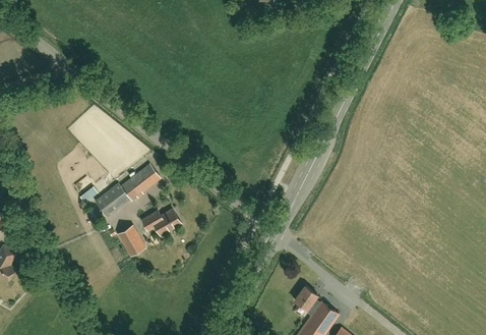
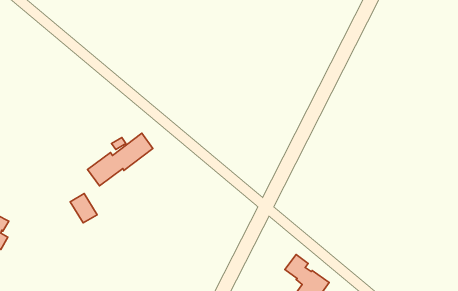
building: [141,209,180,234] -> none
building: [117,225,144,255] -> [70,194,97,223]

